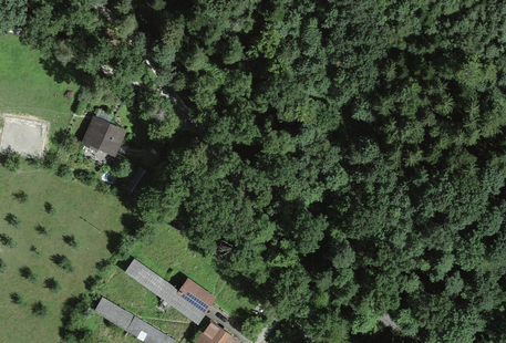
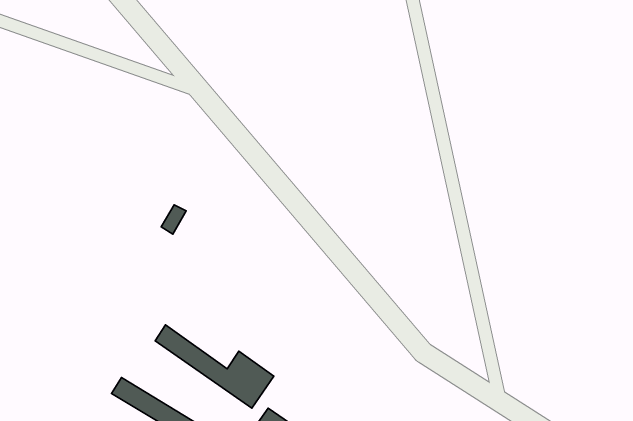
building: [89,122,121,154] -> none

